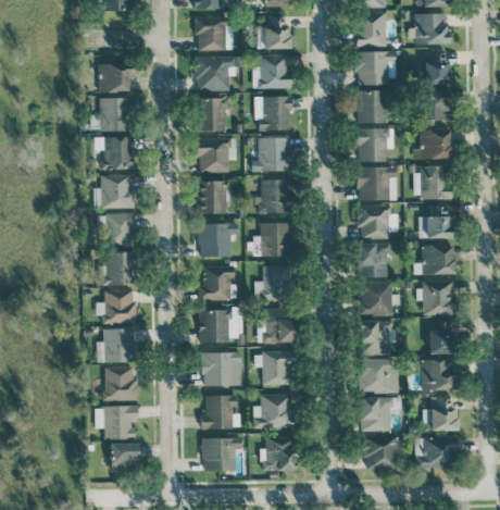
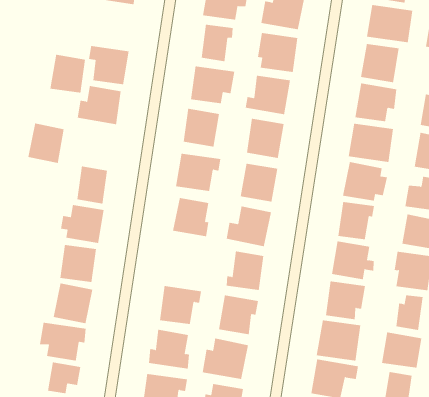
building: [99,98,129,132] -> [50,54,86,93]
building: [104,212,135,247] -> [28,123,65,164]
building: [203,308,242,343] -> none

